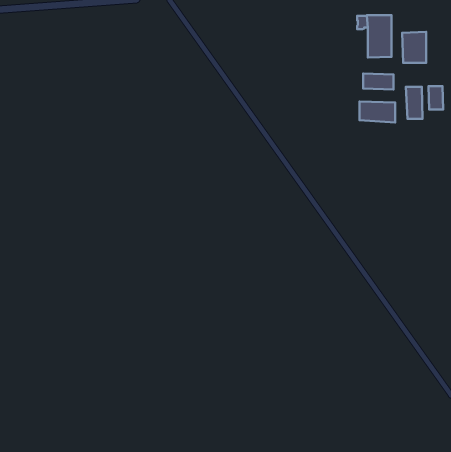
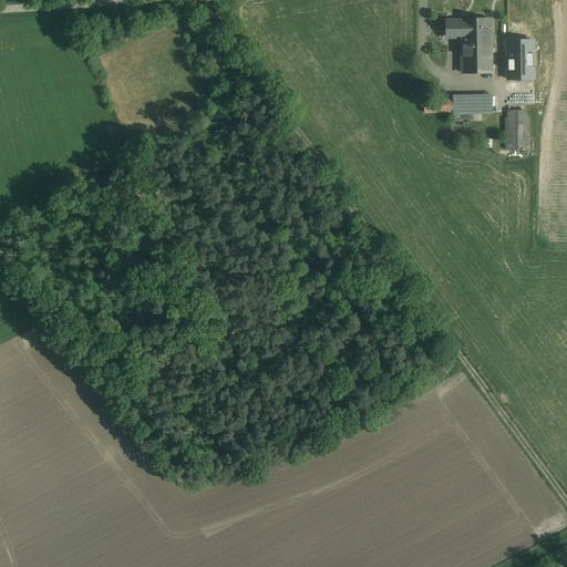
building: [429,86,443,109] -> none
building: [360,101,395,122] -> none

